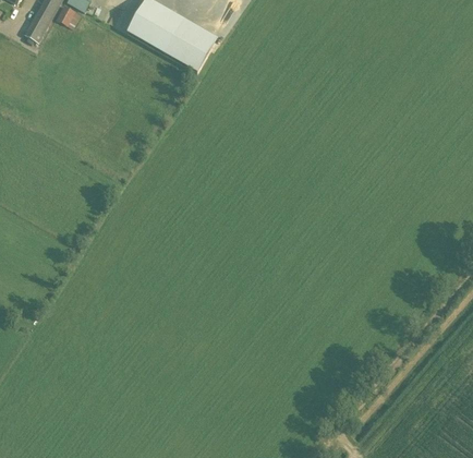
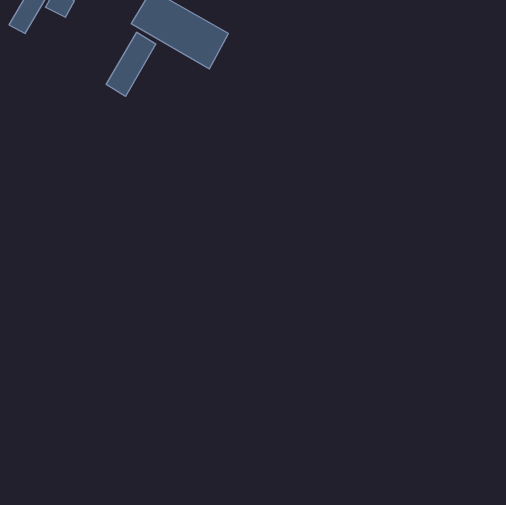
building: none -> [106,32,156,96]

